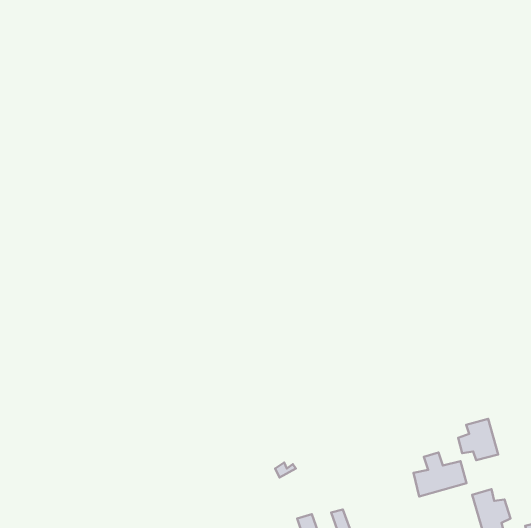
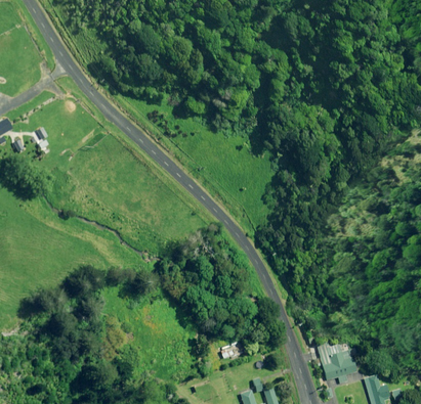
building: [458,419,498,460] -> none

